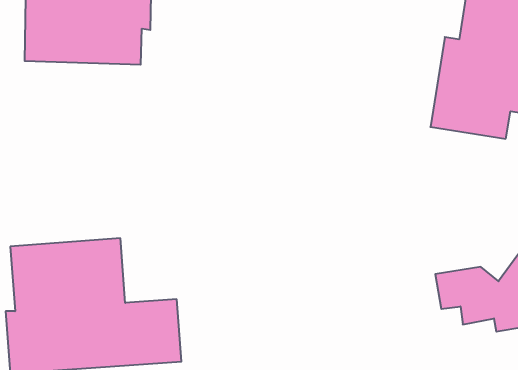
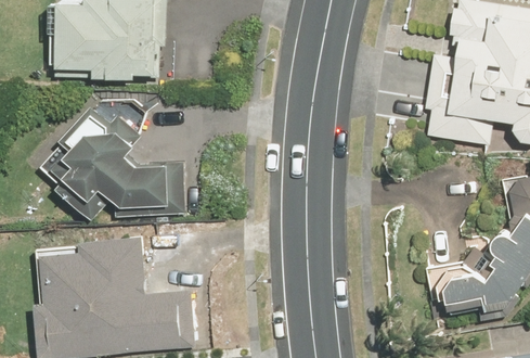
building: none -> [36,104,185,217]

